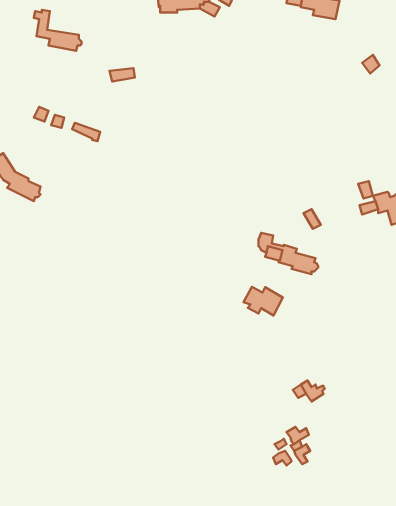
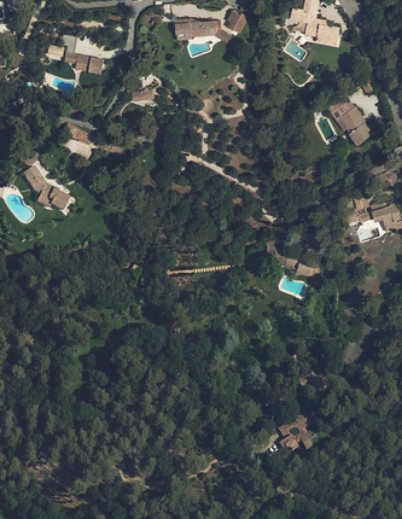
building: none -> [334,100,372,144]
building: [243,287,283,316] -> none

